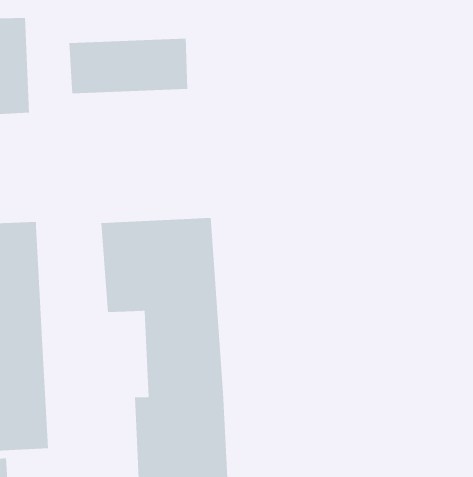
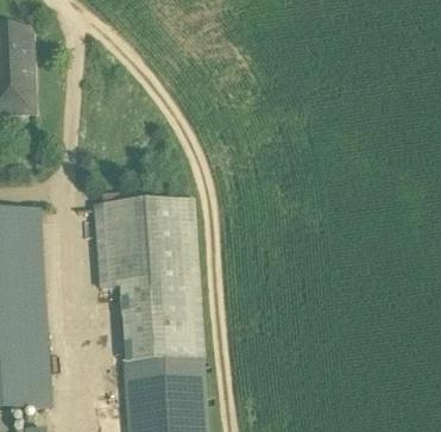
building: [69,38,188,94] -> none

